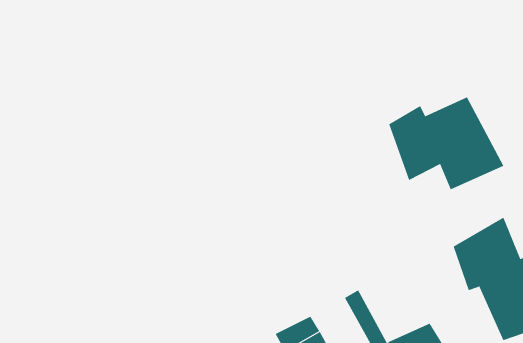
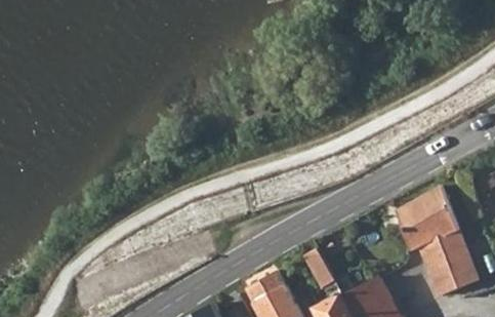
building: [389,97,504,190] -> none

